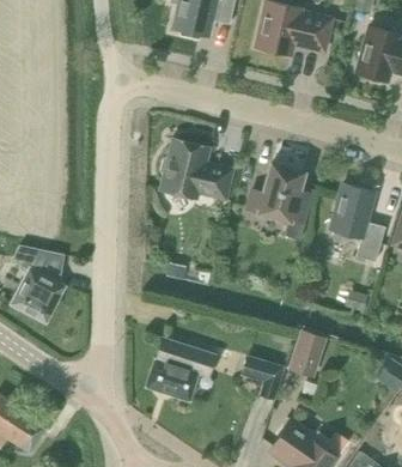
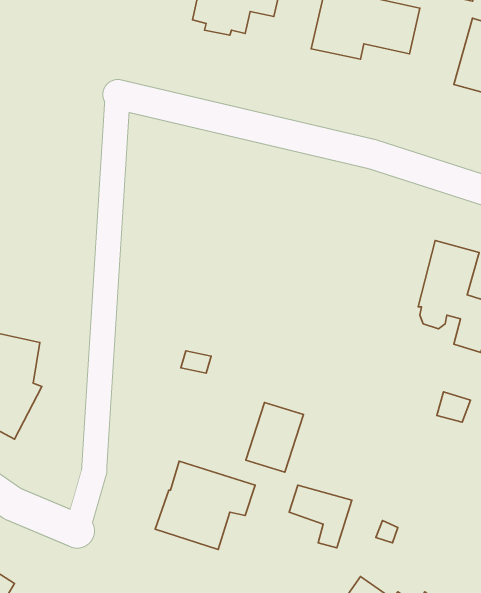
building: [159,137,233,199] -> none
building: [248,164,313,239] -> none
building: [287,329,328,378] -> [246,403,304,472]

